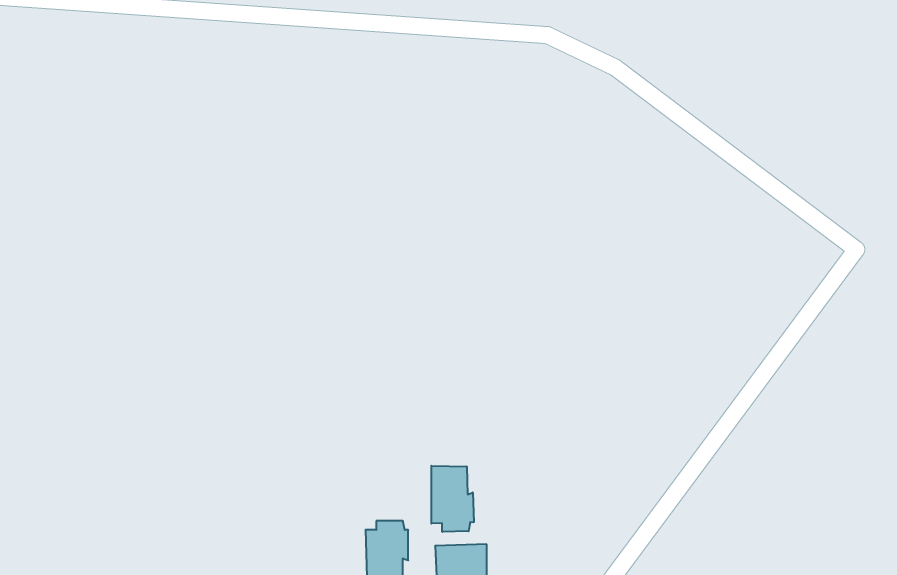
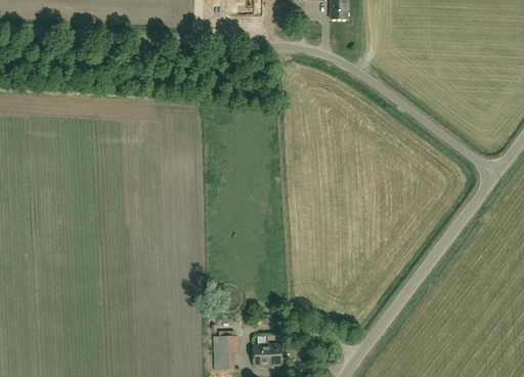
building: [431,466,474,532] -> none

